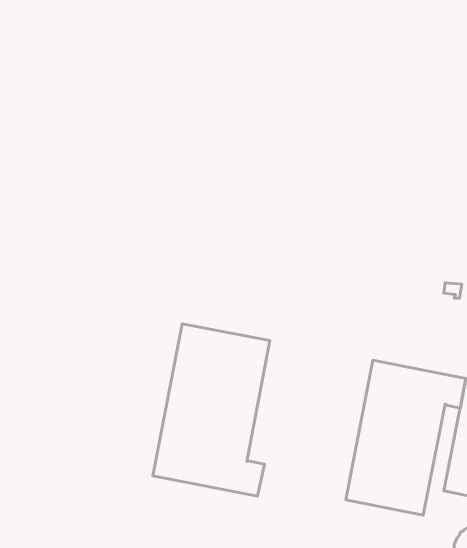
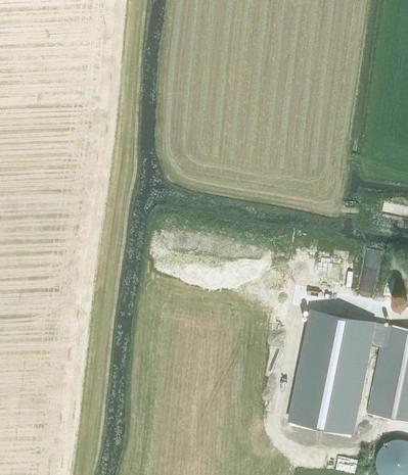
building: [153,324,270,496] -> none

